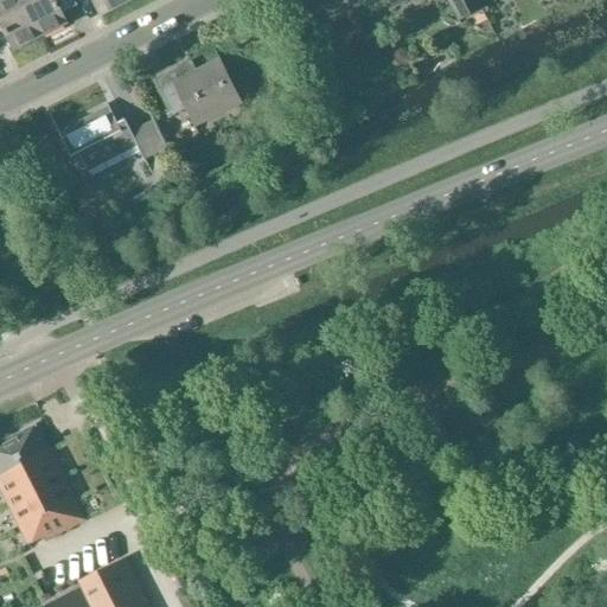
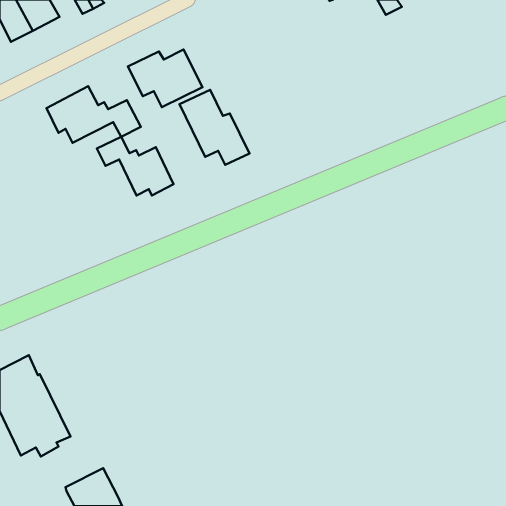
building: none -> [180,90,249,165]
building: none -> [97,137,174,196]

